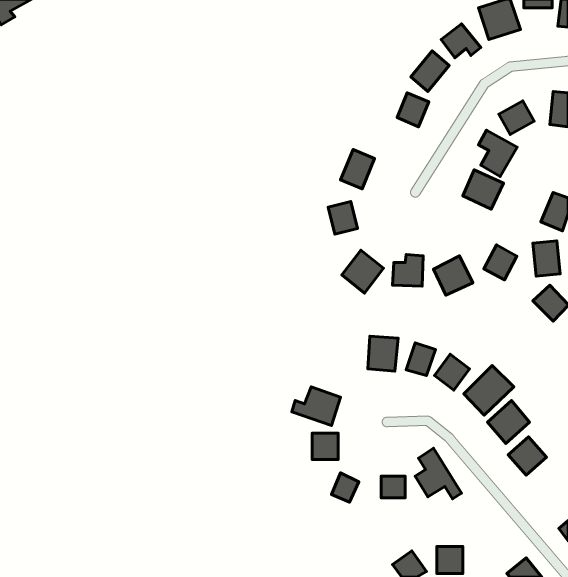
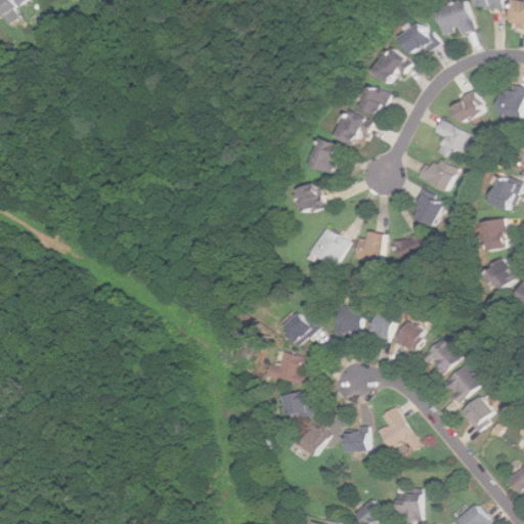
building: none -> [335,108,368,146]
building: [484,245,517,280] -> [411,193,441,225]
building: none -> [281,310,315,344]

